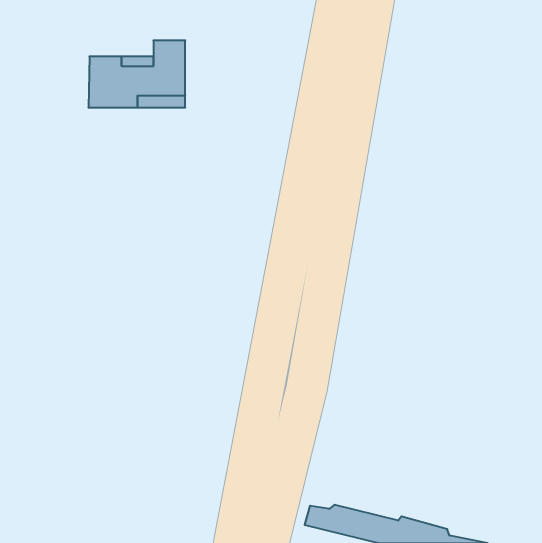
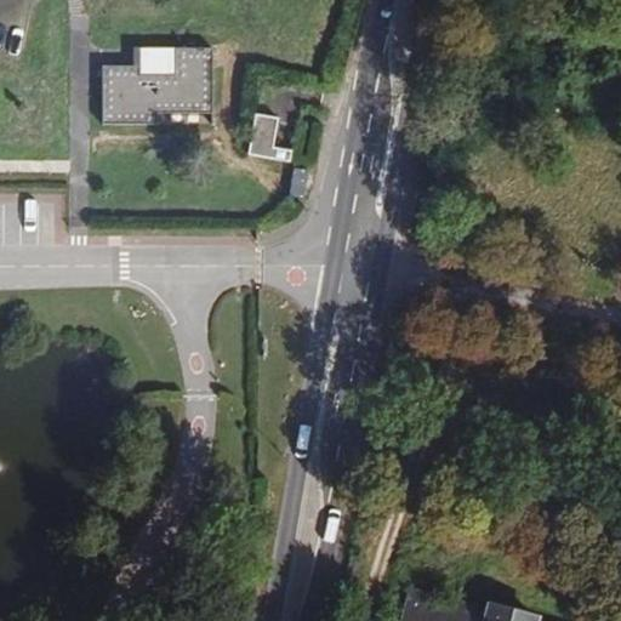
building: none -> [246,114,290,161]

